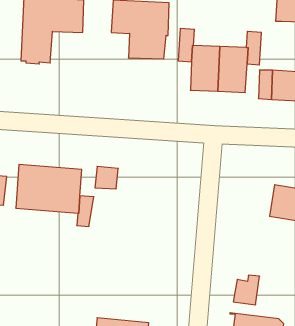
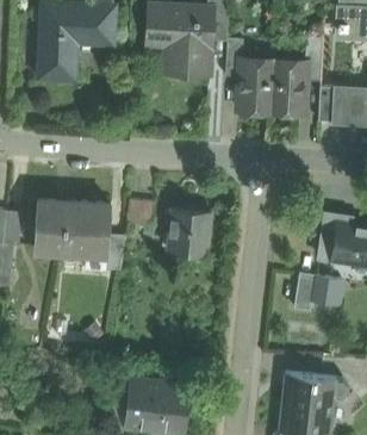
building: none -> [168,209,210,255]
building: [233,275,260,305] -> [311,272,342,306]

